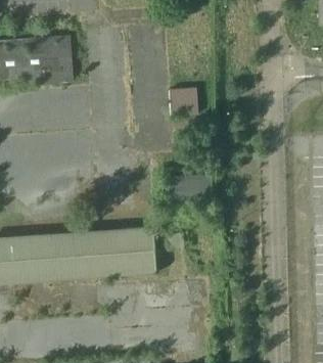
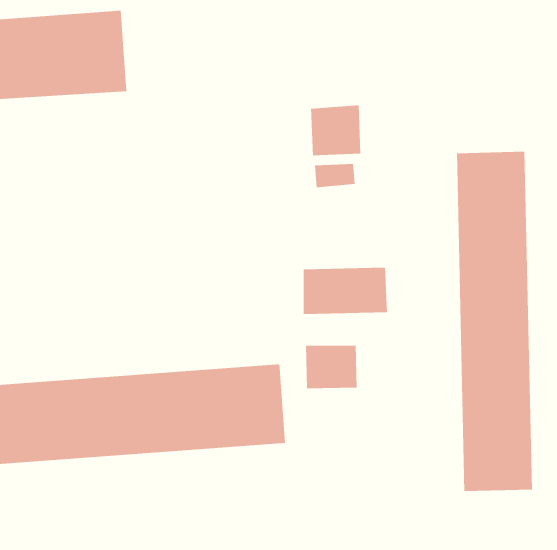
building: none -> [456,151,532,492]
building: none -> [305,345,357,389]

